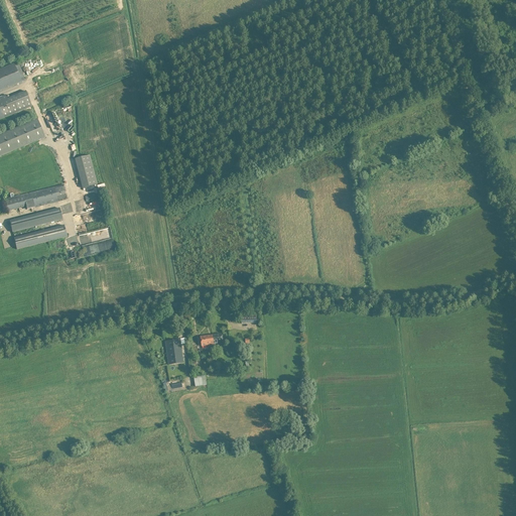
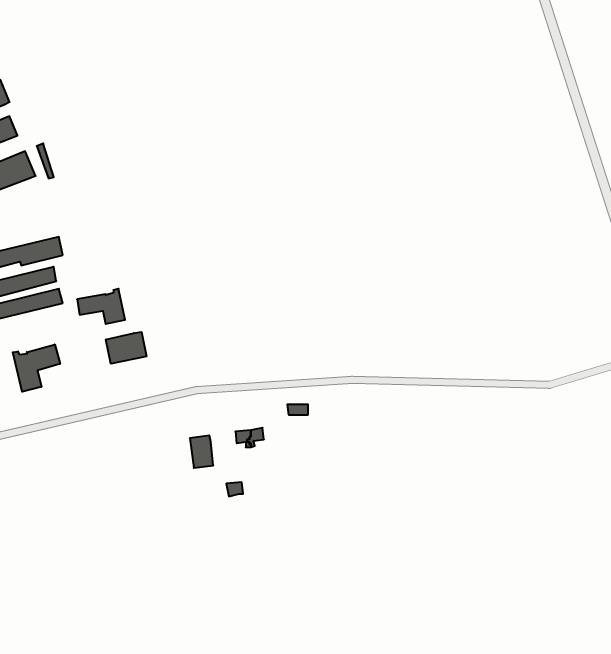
building: [74,154,96,187] -> none
building: none -> [106,332,146,364]
building: none -> [13,344,60,392]

